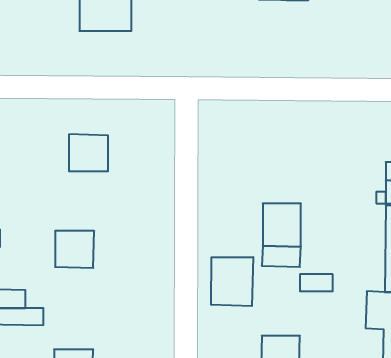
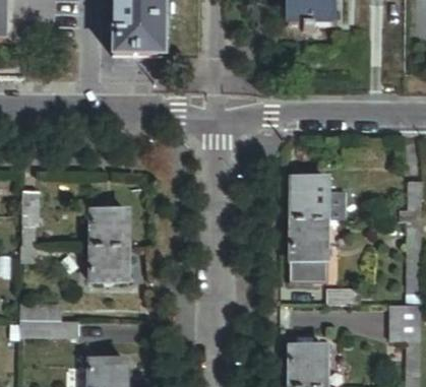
building: [69,134,108,171] -> [90,210,128,246]
building: none -> [290,178,343,220]
building: [211,257,253,306] -> none

